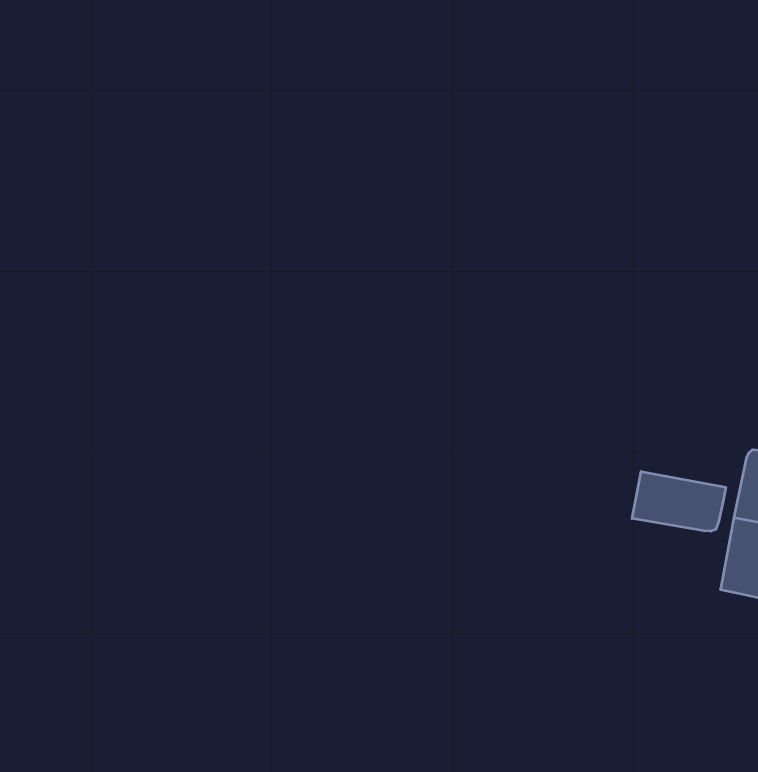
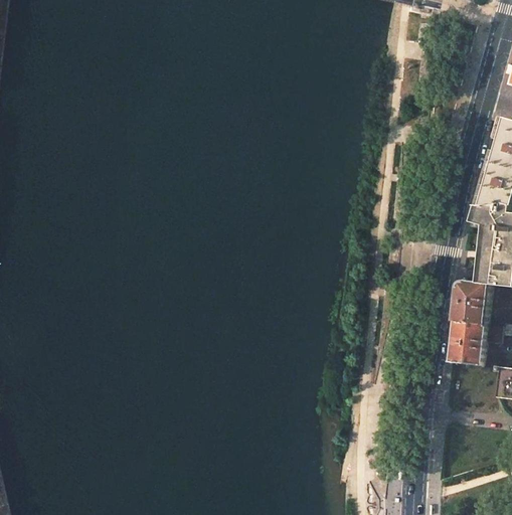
building: [632,471,726,531] -> none

